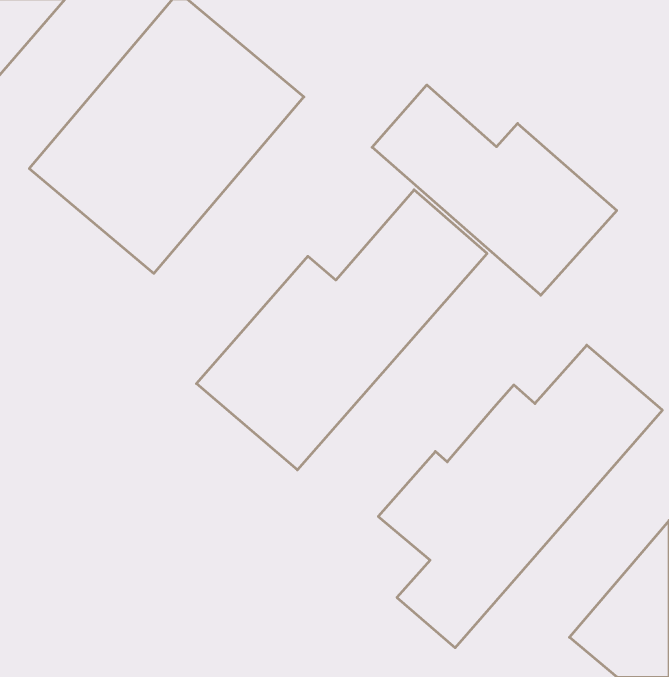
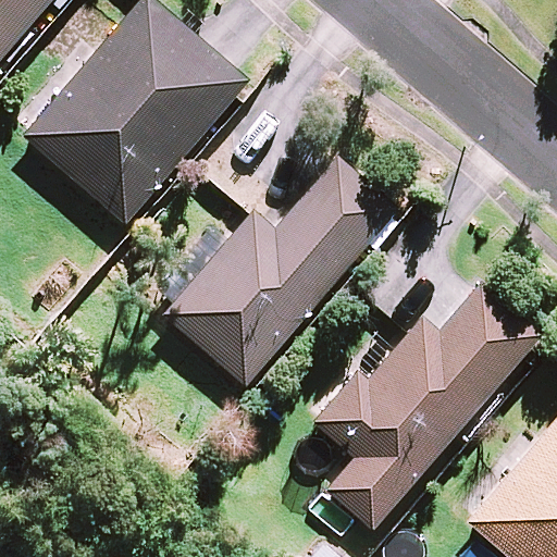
building: [372,85,617,295] -> none

